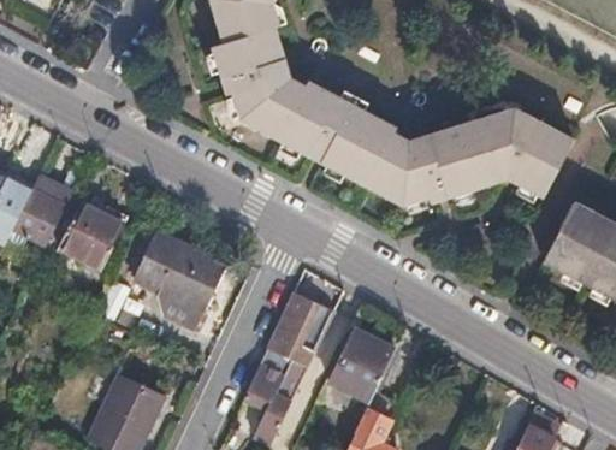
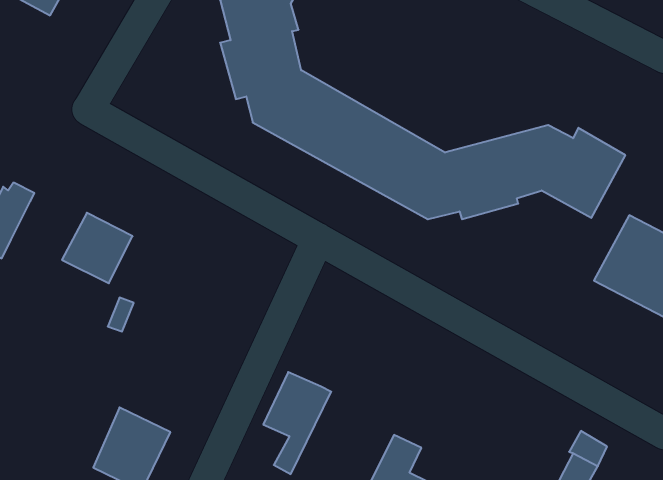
building: [13,189,65,243] -> none
building: [135,226,226,322] -> none
building: [268,289,334,365] -> none
building: [331,326,395,397] -> none

